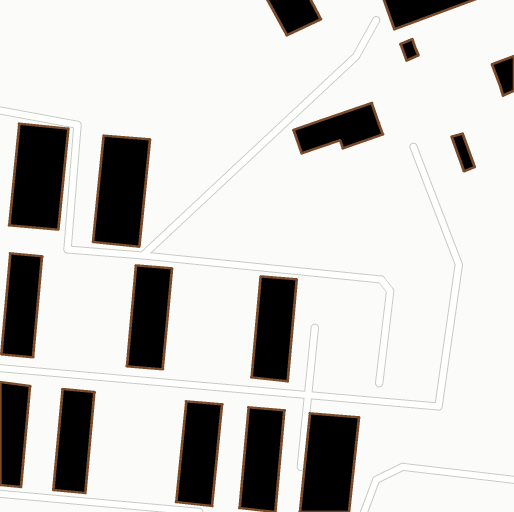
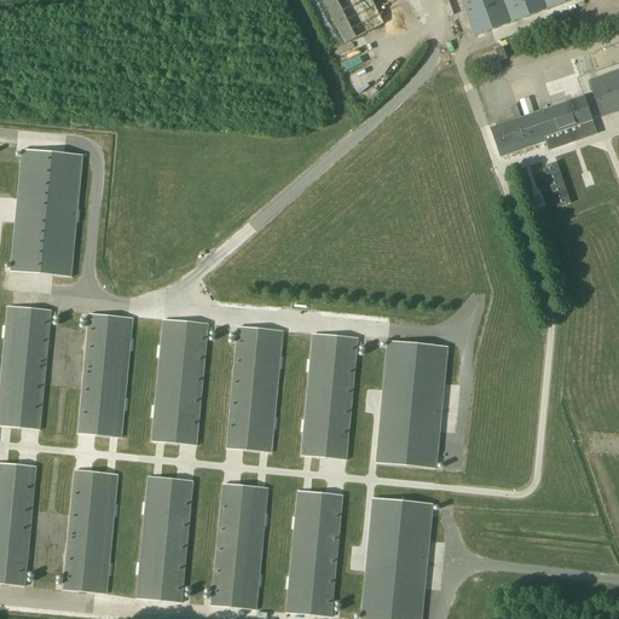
building: [293,103,383,153] -> [490,94,597,155]
building: [93,136,150,247] -> none
building: none -> [79,312,128,436]
building: none -> [227,325,282,451]
building: none -> [376,340,446,467]
building: none -> [139,475,193,601]

